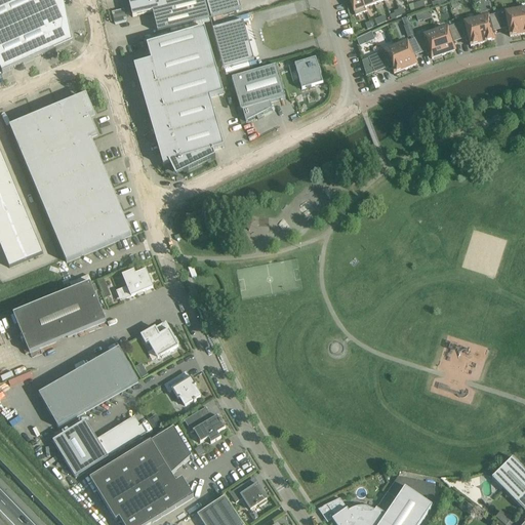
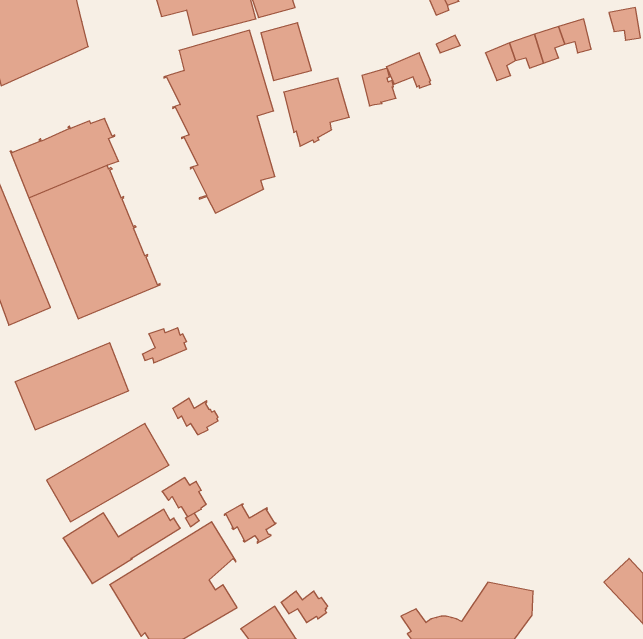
building: [475,10,499,40] -> none
building: [368,43,404,72] -> [386,53,431,88]
building: [163,371,199,403] -> [162,478,206,517]

